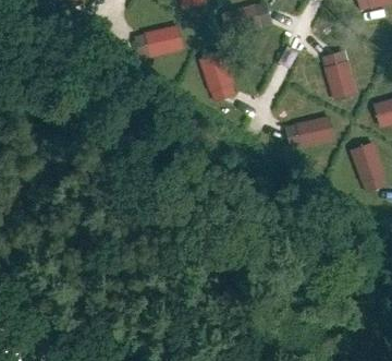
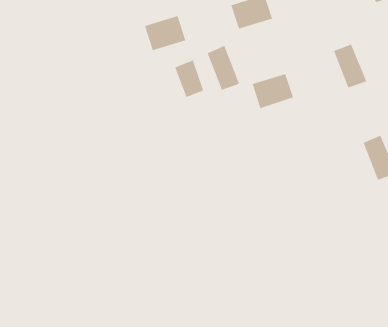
building: none -> [174,59,204,98]
building: [292,116,332,149] -> [252,74,294,109]

